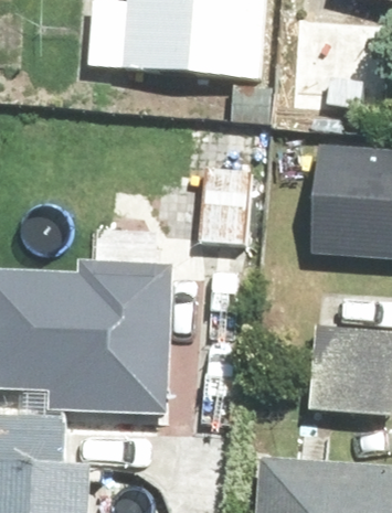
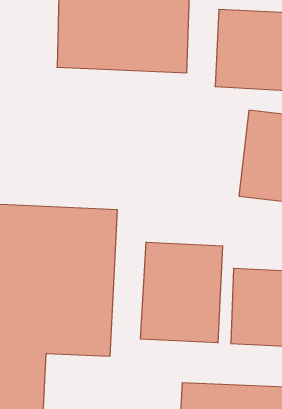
building: none -> [141,242,223,343]

